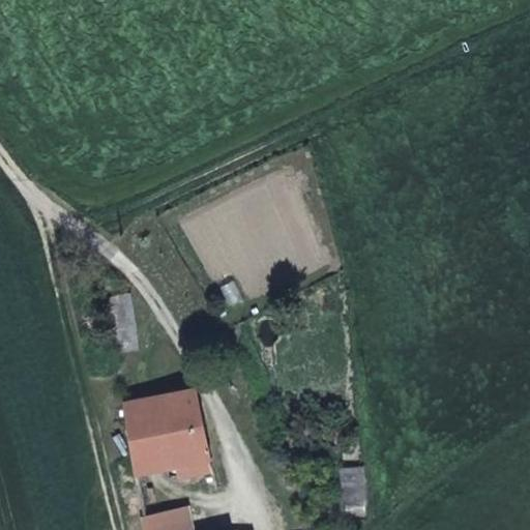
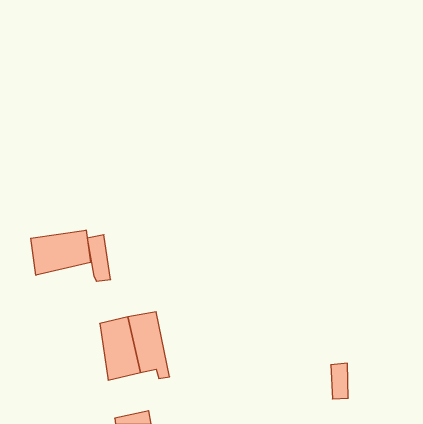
building: none -> [31,230,91,275]
building: [340,467,361,511] -> [331,363,348,399]

